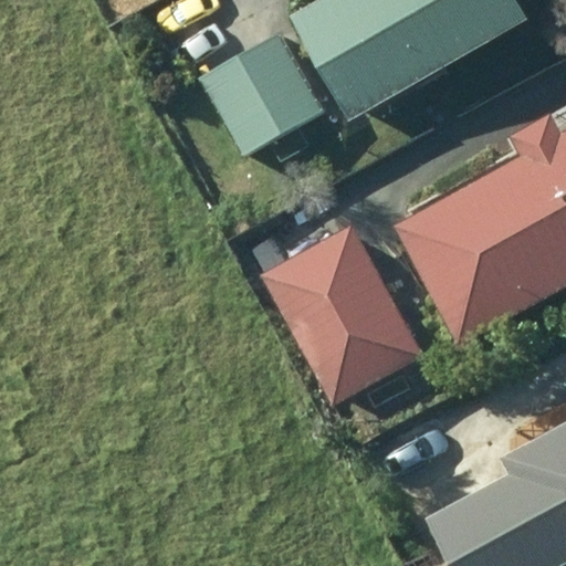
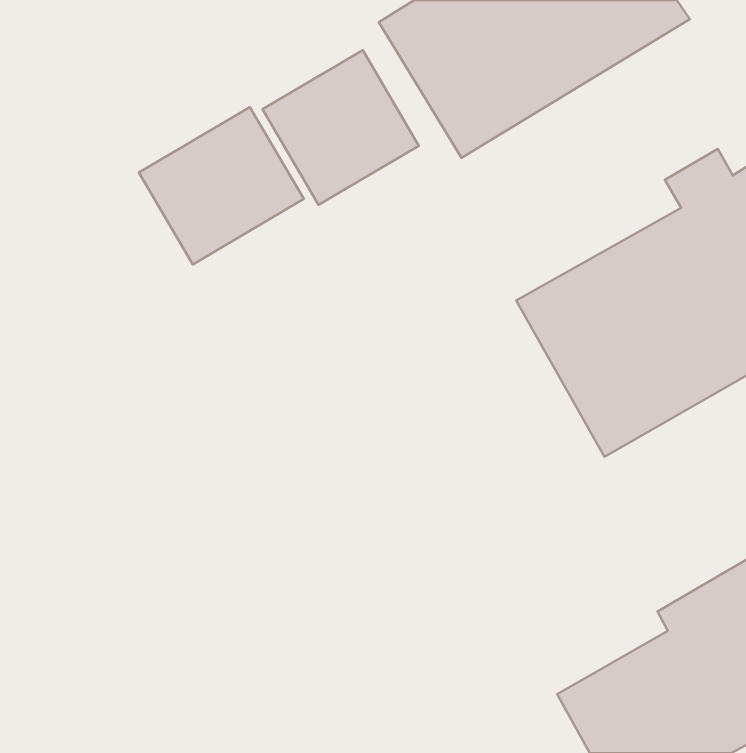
building: none -> [139,107,304,264]
building: [262,226,424,405] -> none

